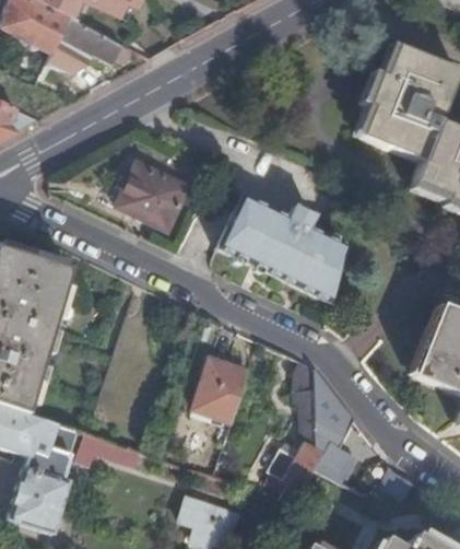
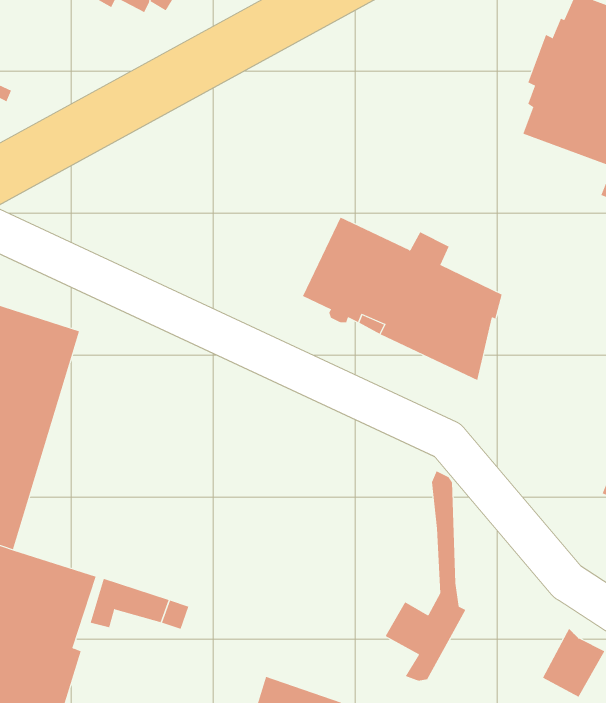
building: [115,161,187,230] -> none
building: [196,360,250,422] -> none
building: [314,369,355,481] -> none

